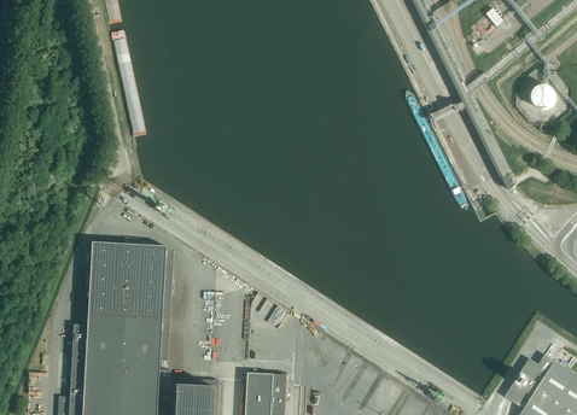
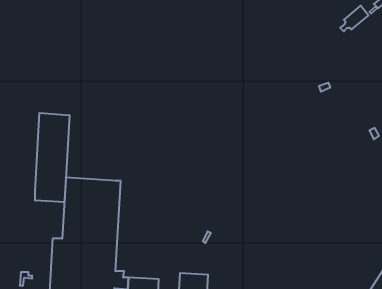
building: none -> [35,113,69,202]

